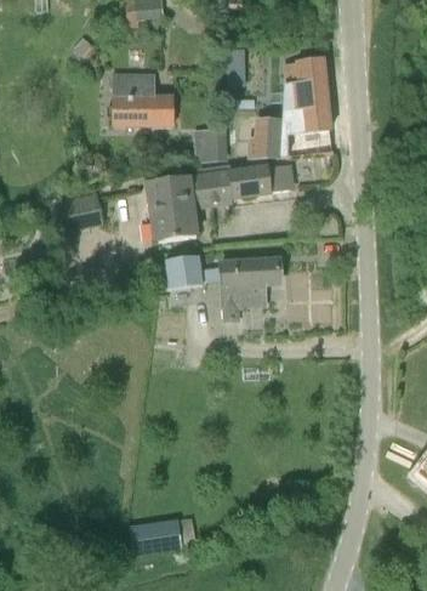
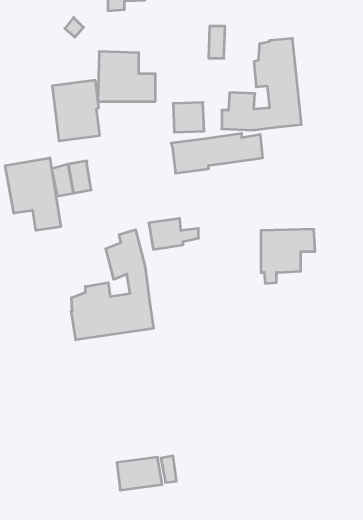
building: [144,175,197,241] -> [52,80,100,141]
building: none -> [5,158,61,230]
building: [221,257,280,317] -> [261,229,315,283]
building: none -> [71,230,154,340]

